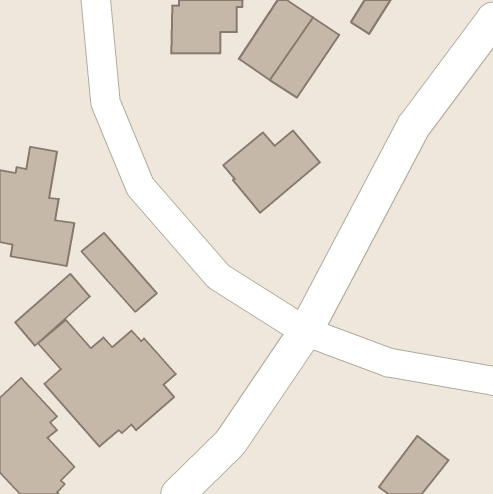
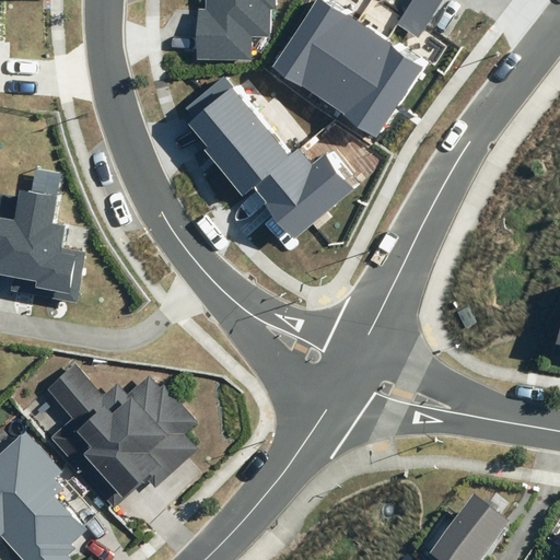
building: none -> [336,39,424,138]
building: none -> [183,73,294,196]
building: [82,233,157,312] -> none
building: [15,274,90,346] -> none

